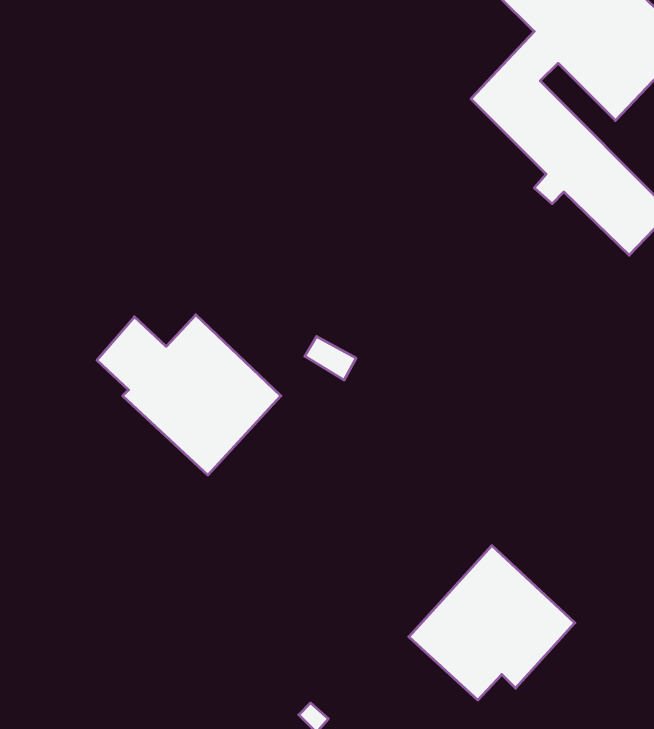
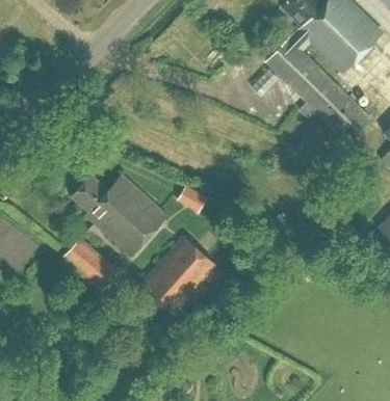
building: none -> [64,238,119,292]
building: [409,546,575,700] -> [140,237,228,318]

